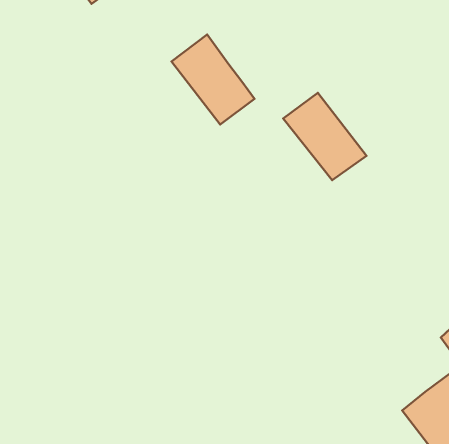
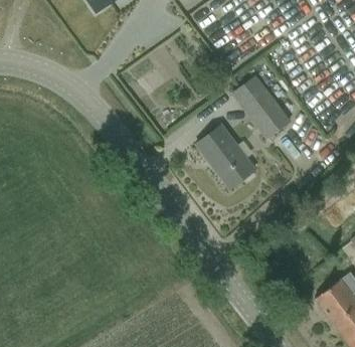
building: [172,34,255,125] -> [196,125,254,188]

